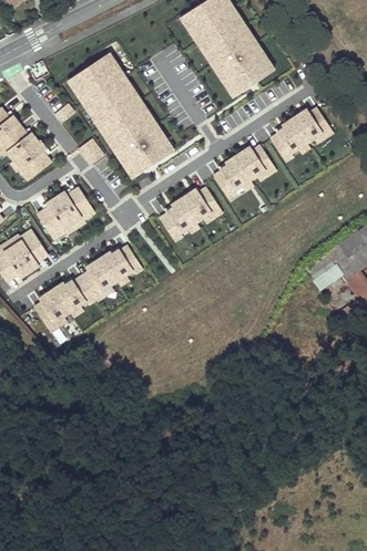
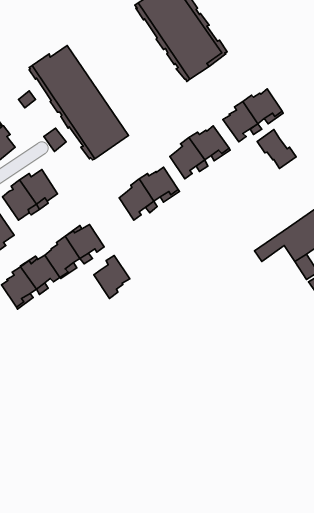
building: [86,51,173,149] -> none
building: none -> [257,130,296,169]
building: none -> [94,255,130,298]

